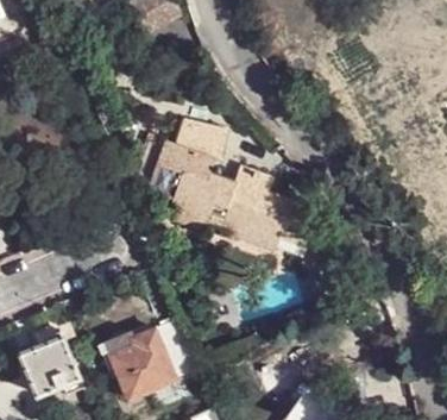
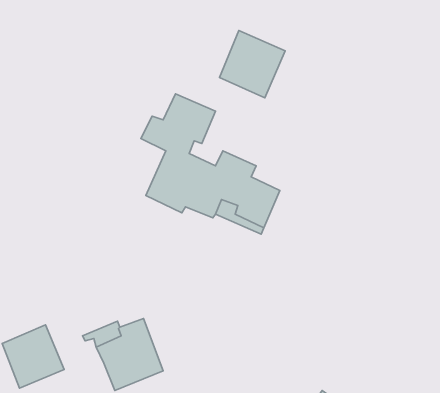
building: none -> [220,30,285,98]

